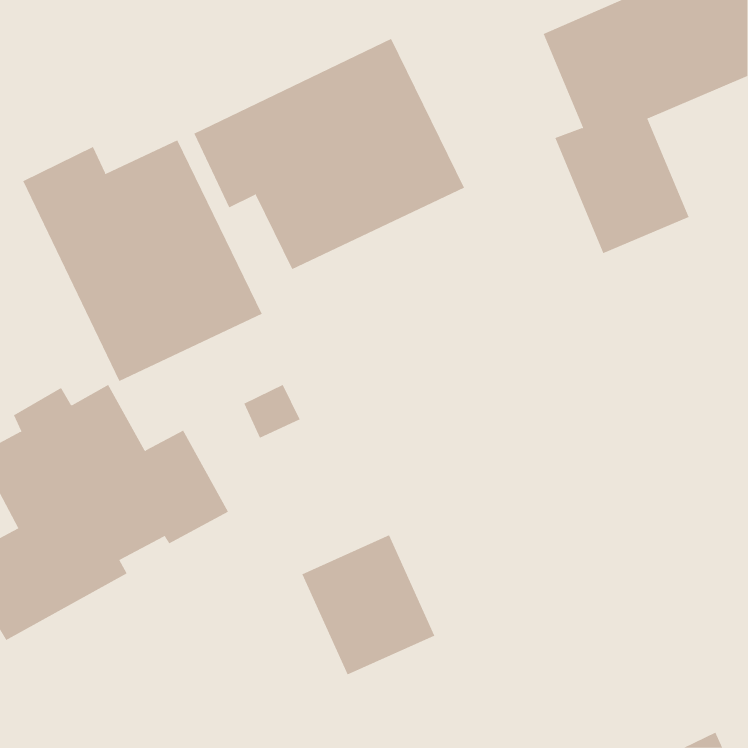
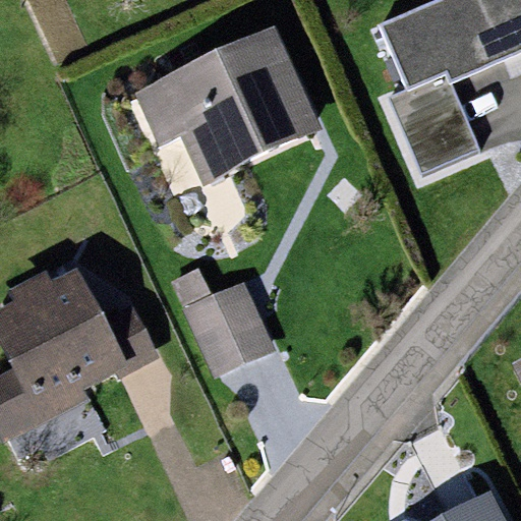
building: [23,139,263,382] -> none
building: [302,534,435,675] -> [182,279,275,377]

